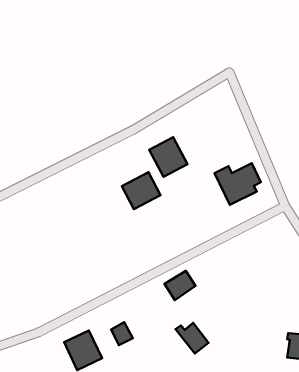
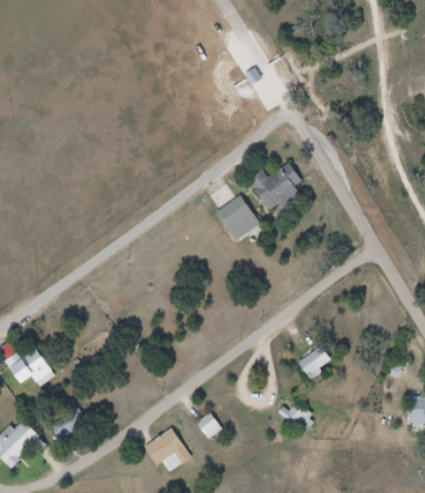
building: [214,163,261,205] -> [245,161,299,212]
building: [122,172,161,209] -> none
building: [164,271,195,300] -> [294,345,329,381]

